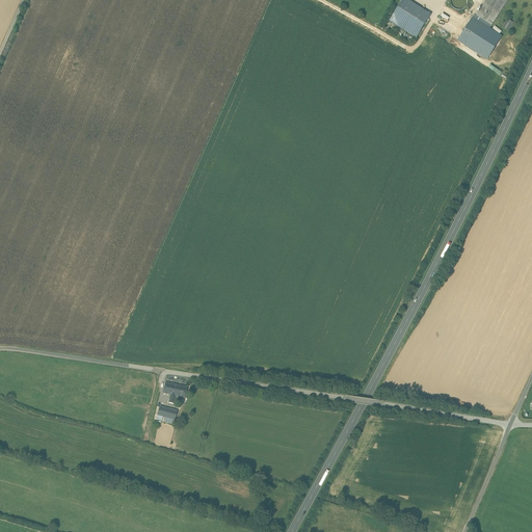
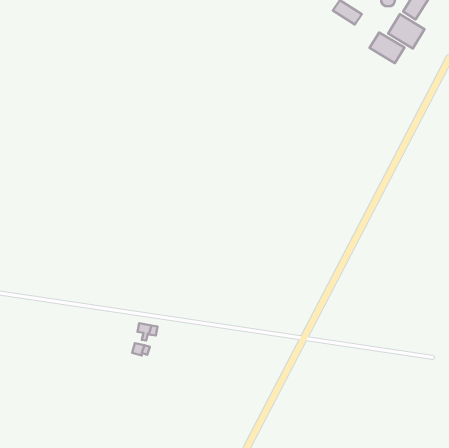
building: none -> [370,32,404,63]

